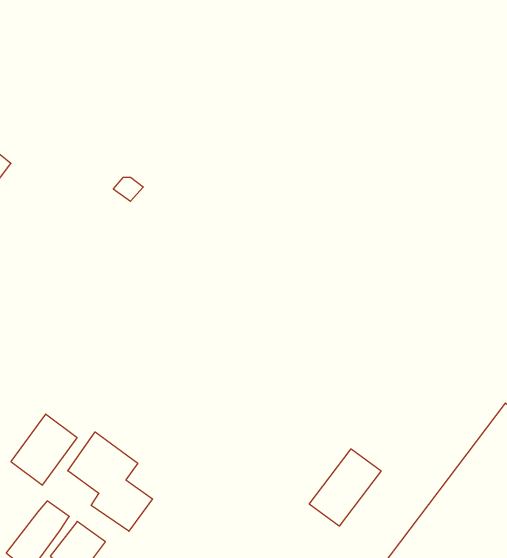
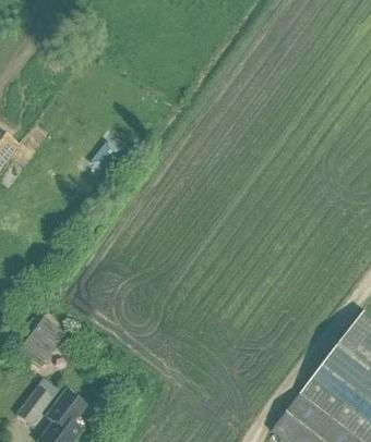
building: [68,432,153,531] -> none
building: [309,449,381,526] -> none

